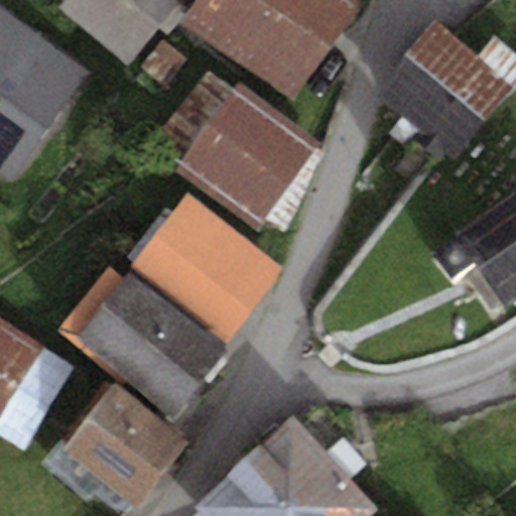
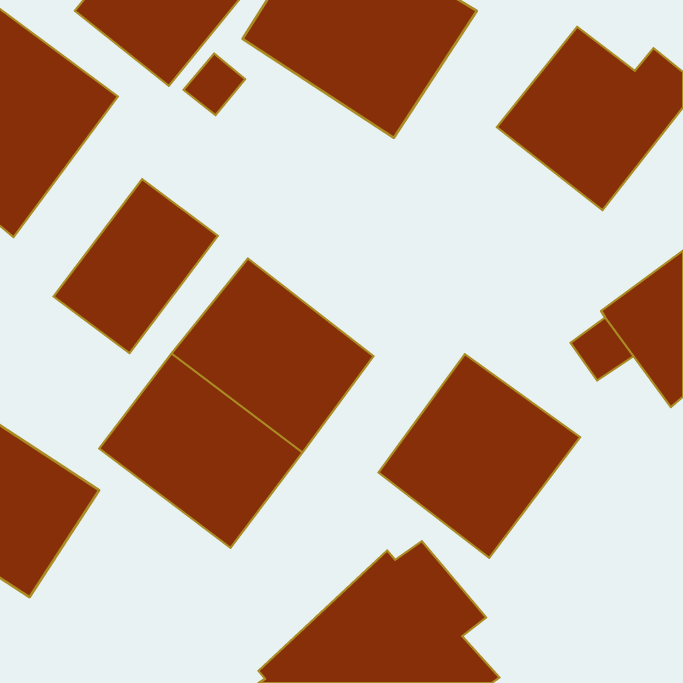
building: [148,69,322,231] -> none
building: none -> [54,179,218,353]
building: none -> [378,354,580,558]
building: [61,384,187,508] -> none

